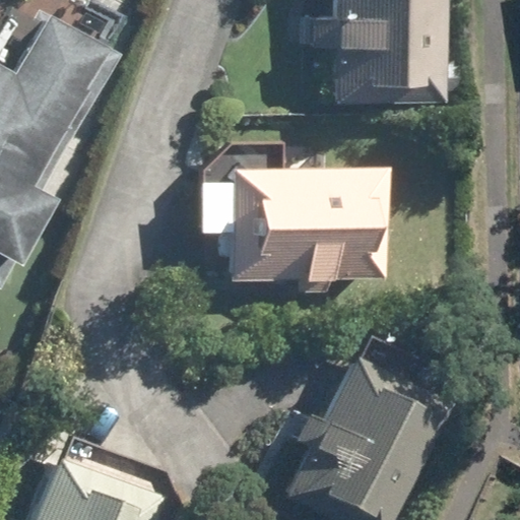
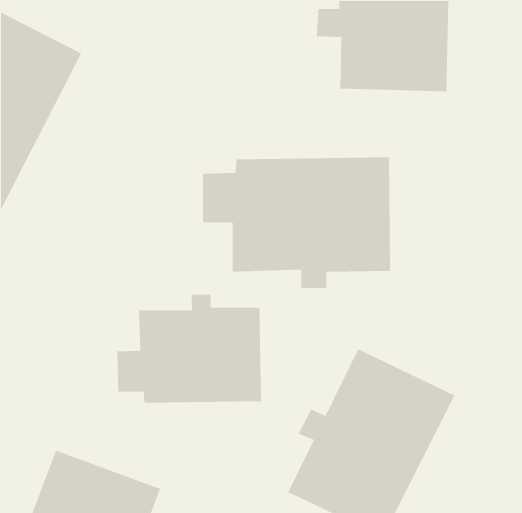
building: none -> [117,294,262,404]

